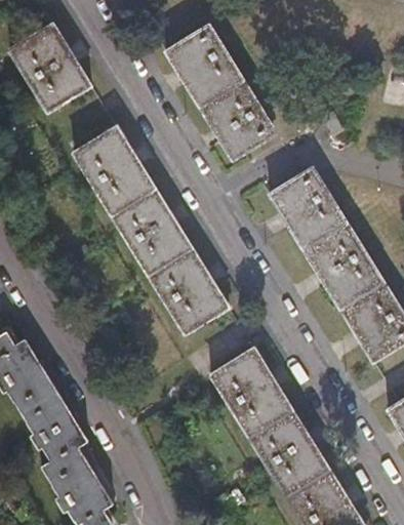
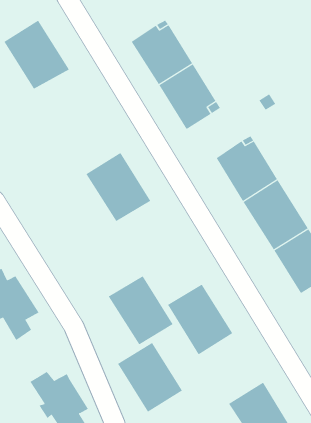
building: [75,128,154,214] -> none
building: [148,247,228,332] -> [108,276,173,345]
building: [26,383,89,467] -> none
building: [248,409,328,495] -> [117,342,183,412]

